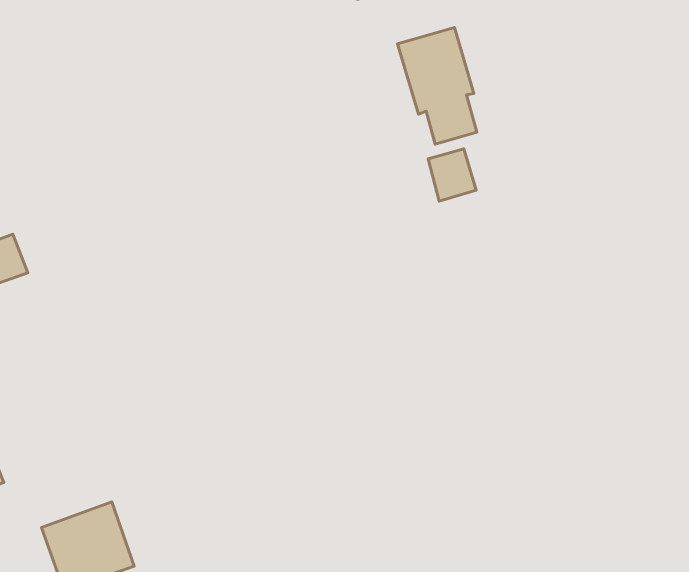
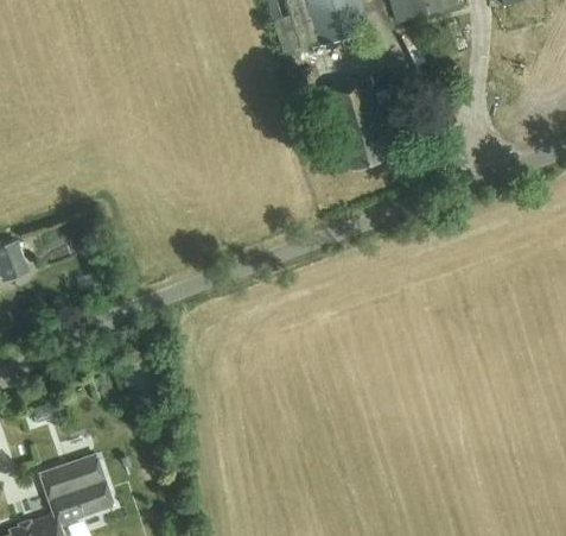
building: [428,149,476,201] -> none

